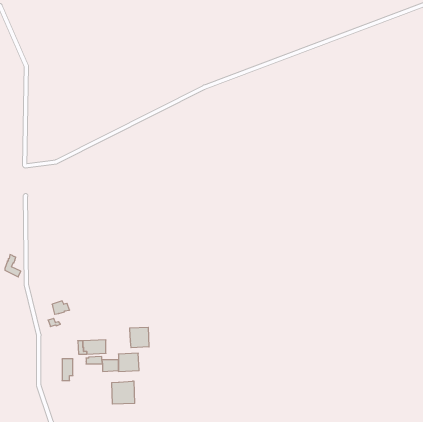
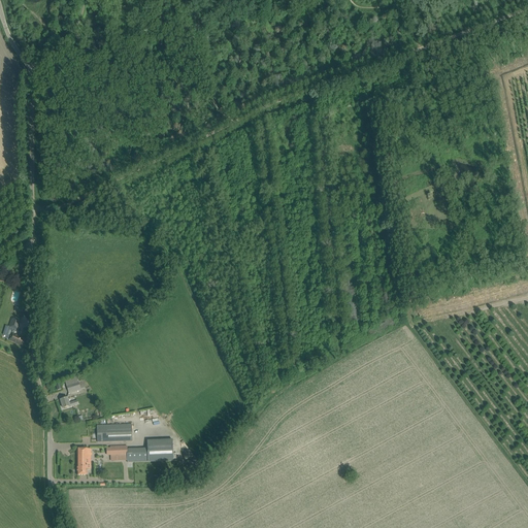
building: [130,327,149,348] -> none
building: [112,381,135,404] -> none

